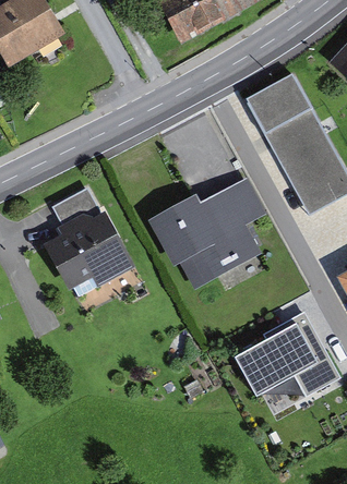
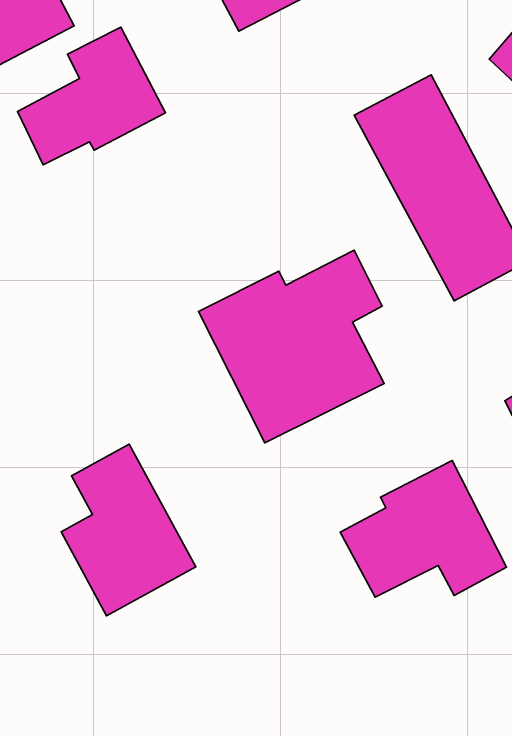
building: none -> [17,27,166,165]
building: [43,186,127,293] -> [61,444,196,616]

